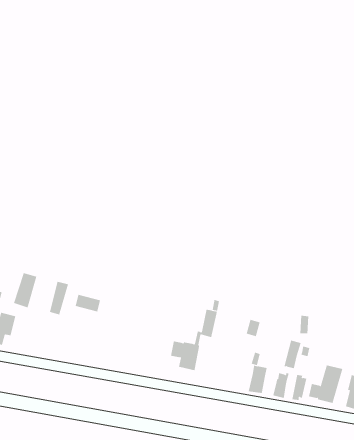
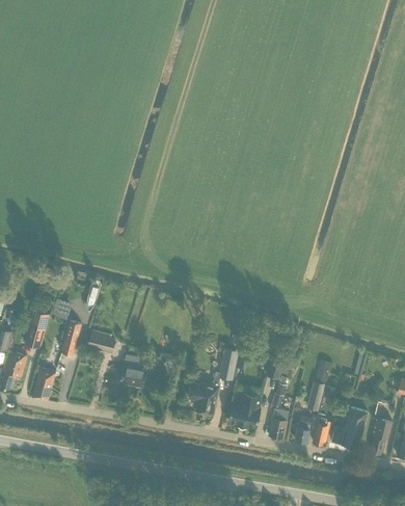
building: none -> [120,354,145,387]
building: none -> [32,368,55,400]
building: none -> [227,393,260,427]

